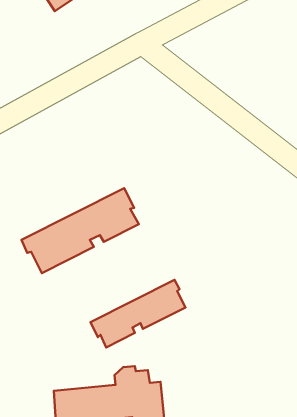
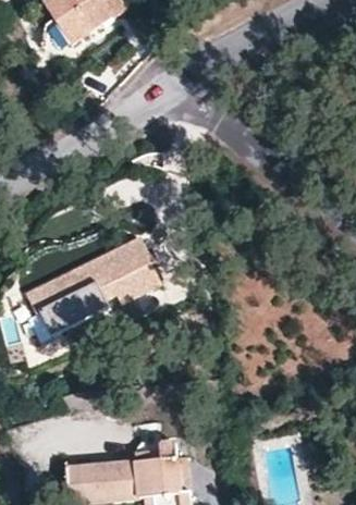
building: [90,280,185,348] -> none

